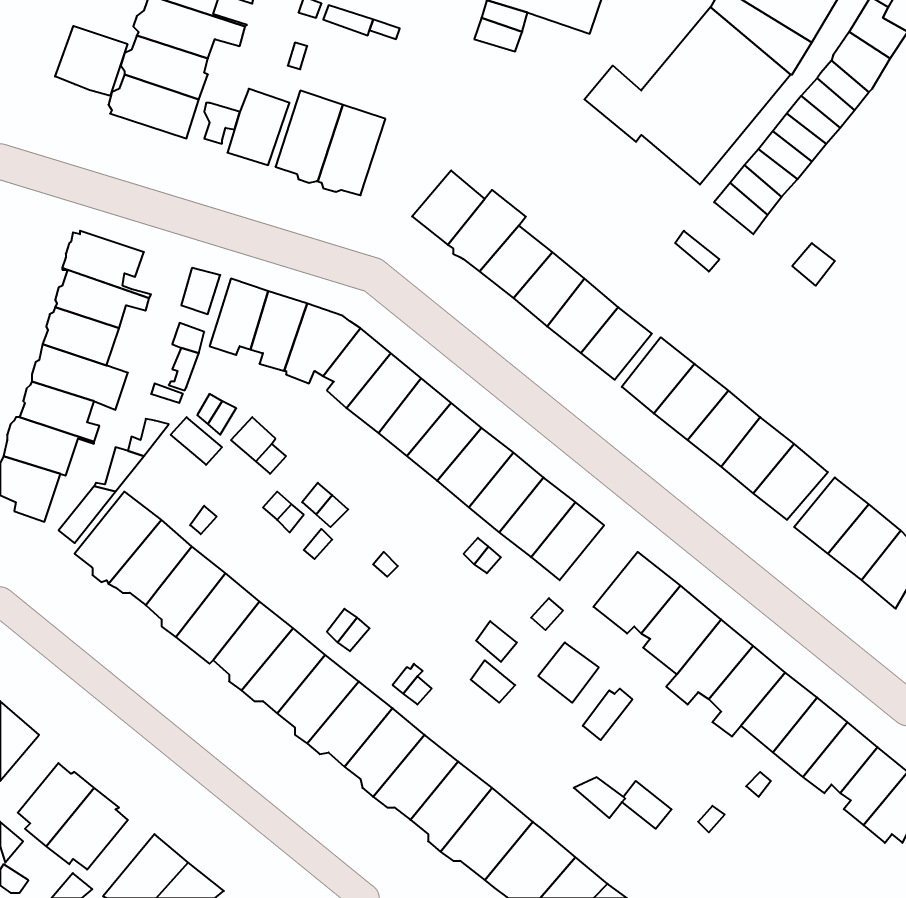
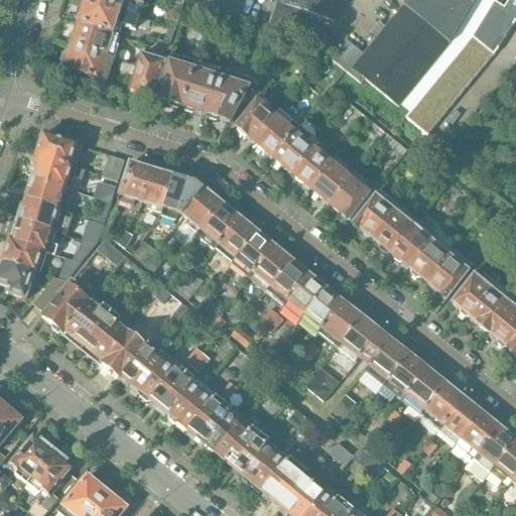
building: [55,26,127,96] -> none
building: none -> [206,68,253,119]
building: none -> [318,298,363,345]

